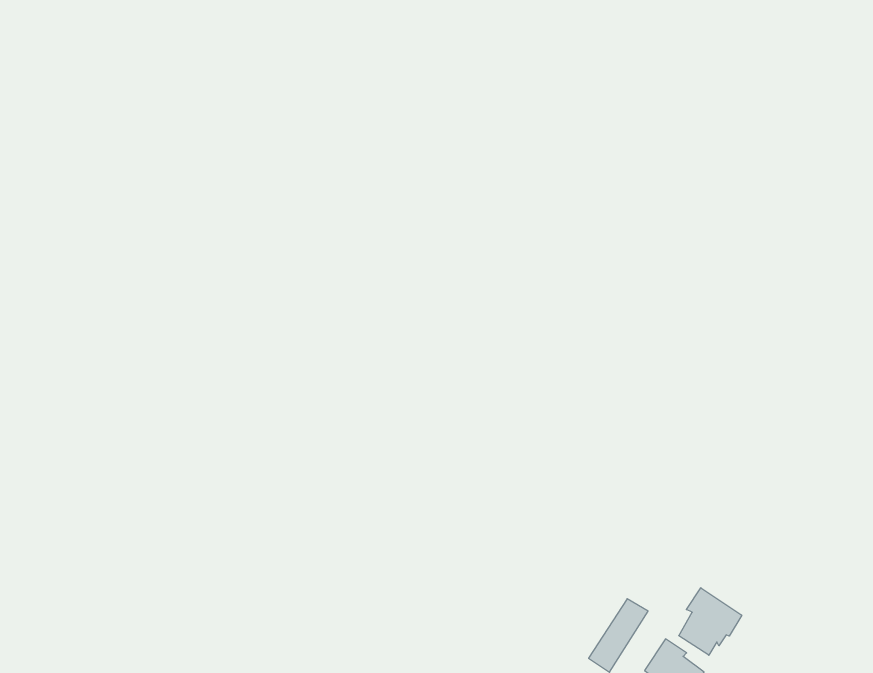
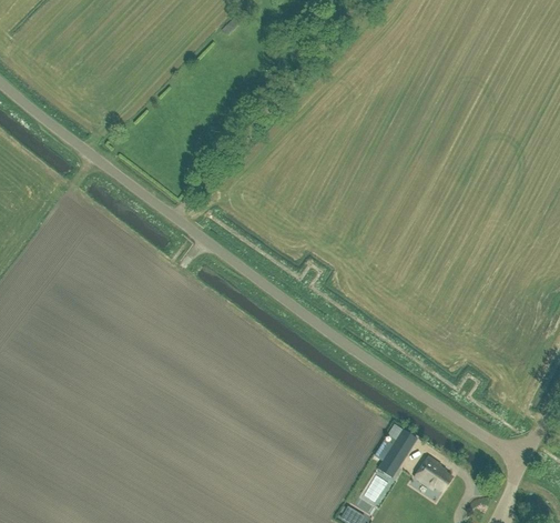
building: [679,588,742,655] -> none

